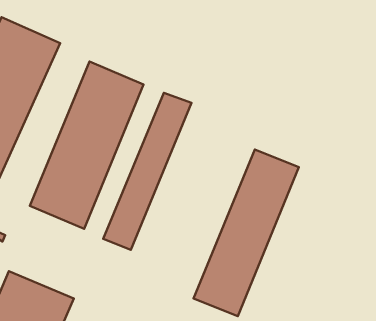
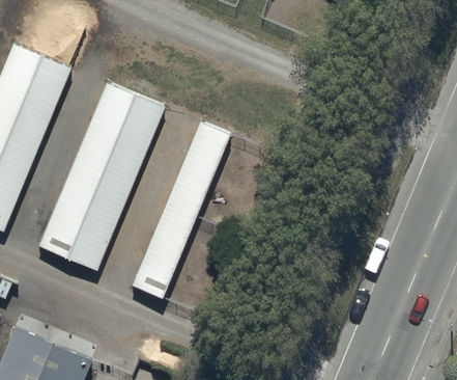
building: [194,149,299,316] -> none

